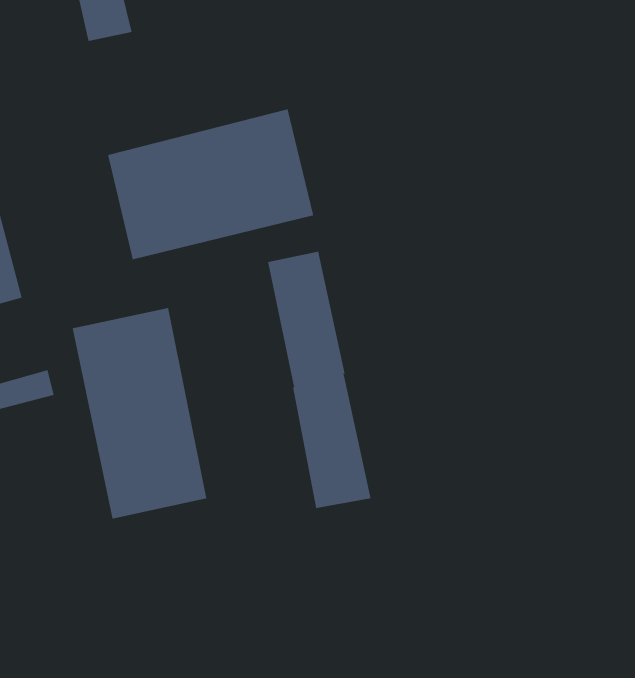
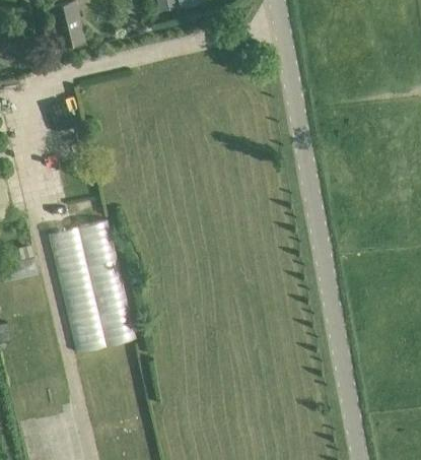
building: [107,109,314,260] -> none
building: [268,251,371,509] -> none

